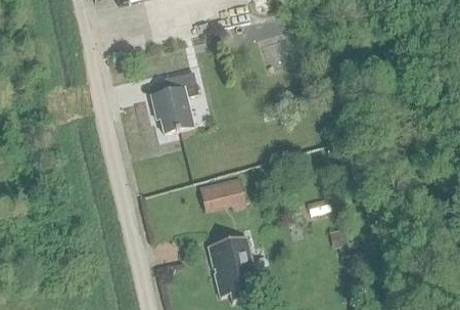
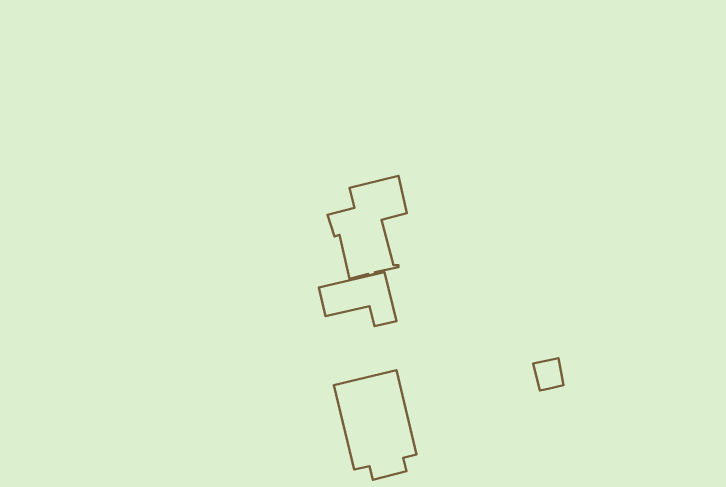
building: [148,71,196,133] -> [328,176,407,279]

